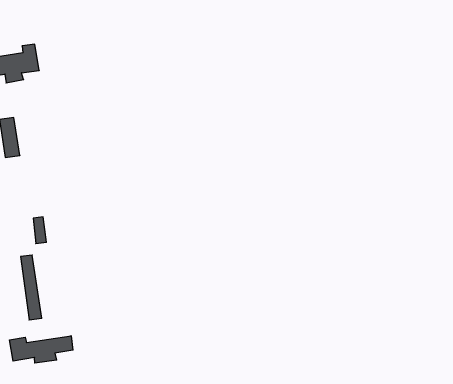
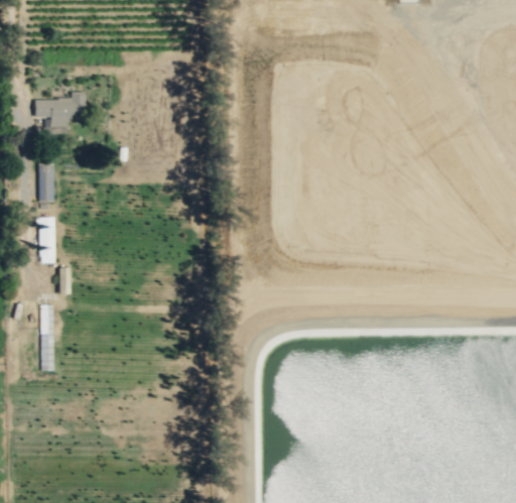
building: none -> [38,218,55,263]
building: [10,336,73,363] -> none

